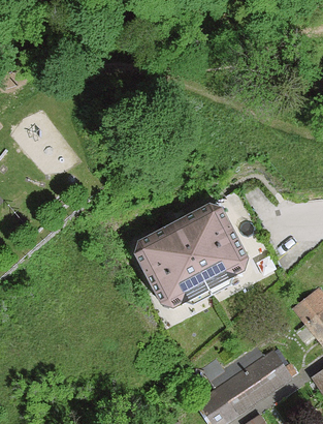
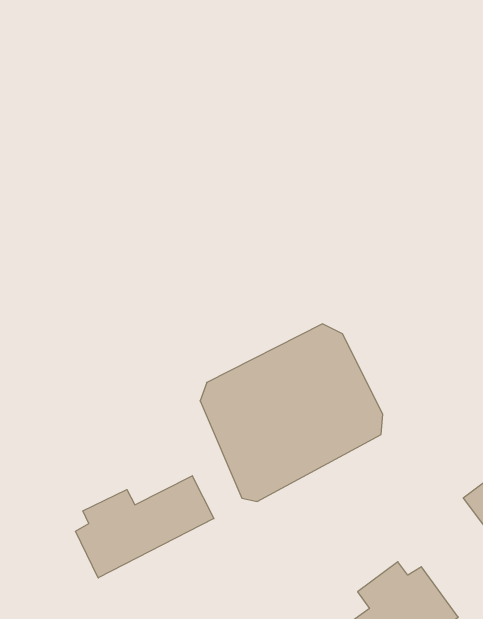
building: none -> [75,476,214,578]

